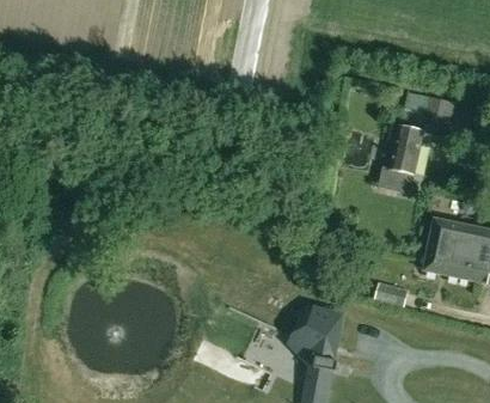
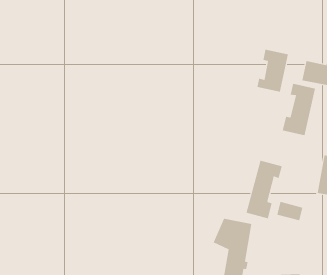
building: none -> [257,49,289,92]
building: none -> [246,160,282,219]

